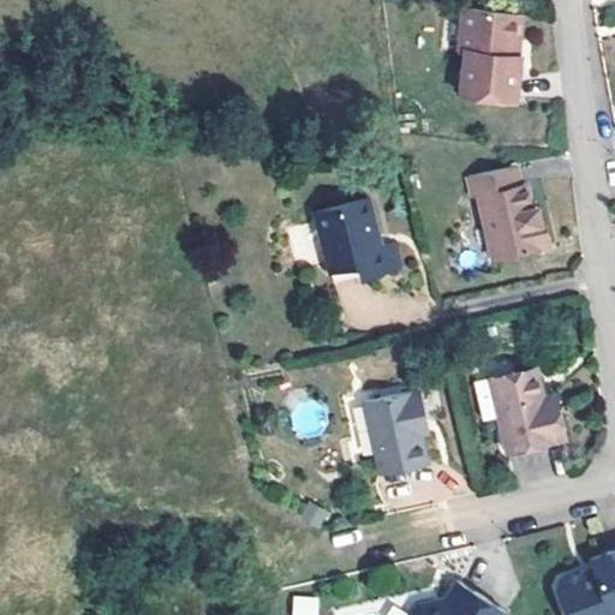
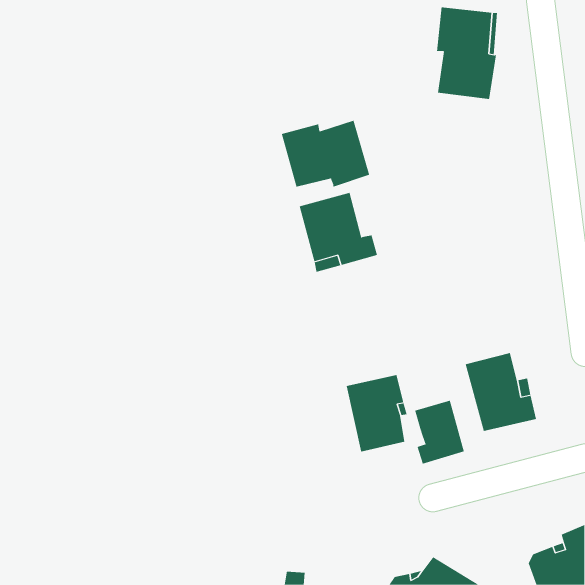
building: none -> [281,120,370,187]
building: [467,167,550,259] -> none
building: none -> [414,400,464,465]

